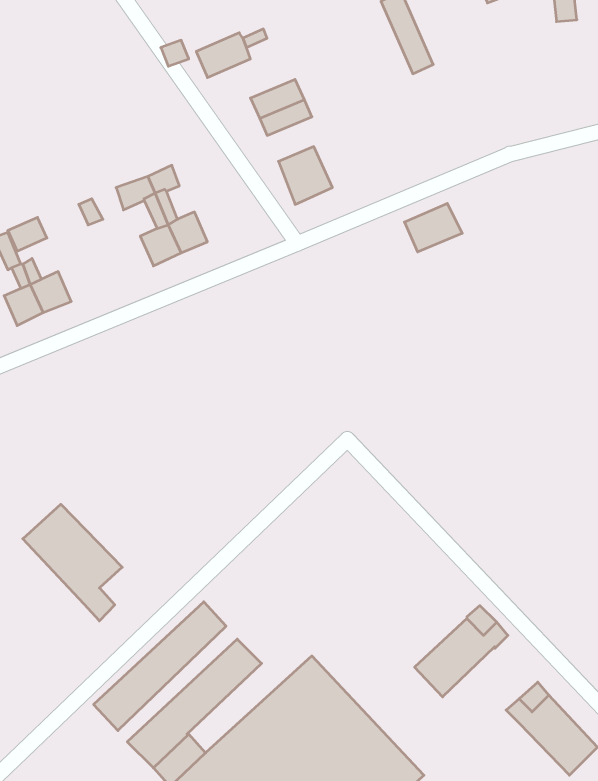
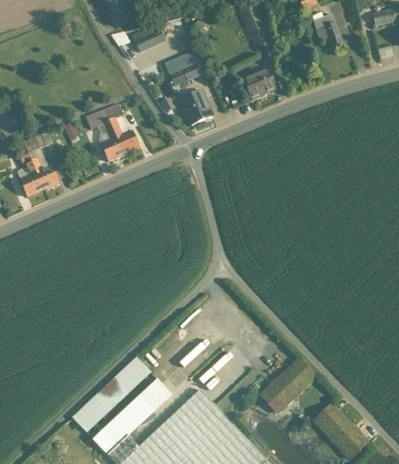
building: none -> [314,13,342,46]
building: [404,203,462,252] -> [243,70,277,98]
building: [23,504,122,621] -> none

